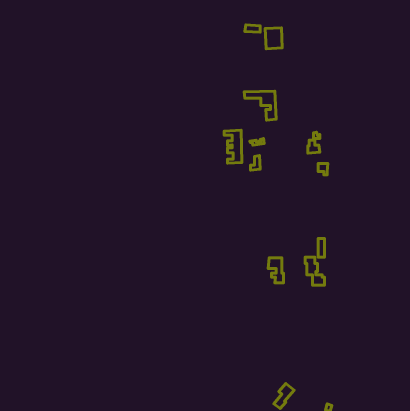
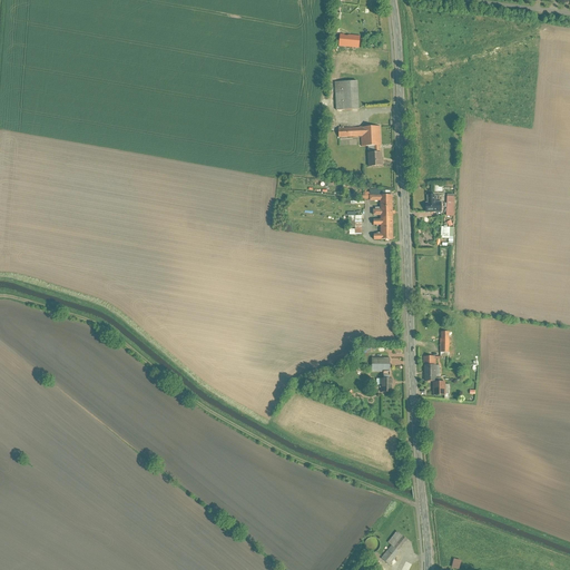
building: [265,28,282,49] -> [335,80,358,109]
building: [224,130,242,163] -> [367,194,392,239]

